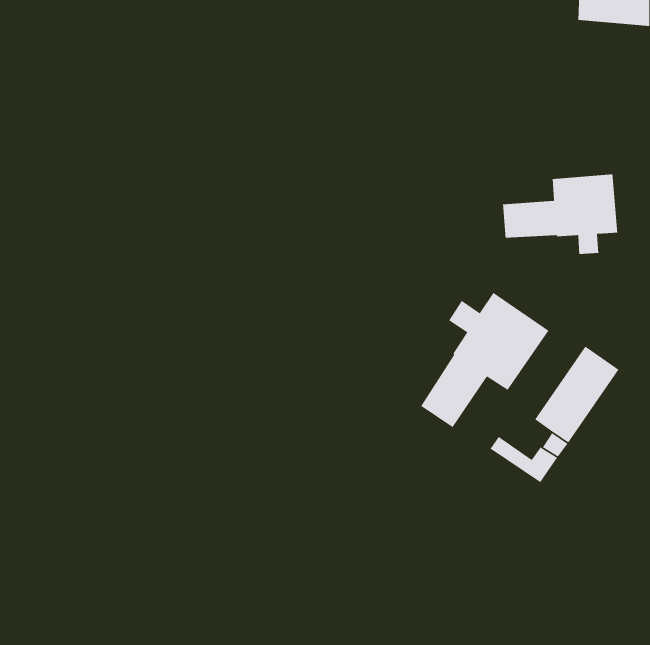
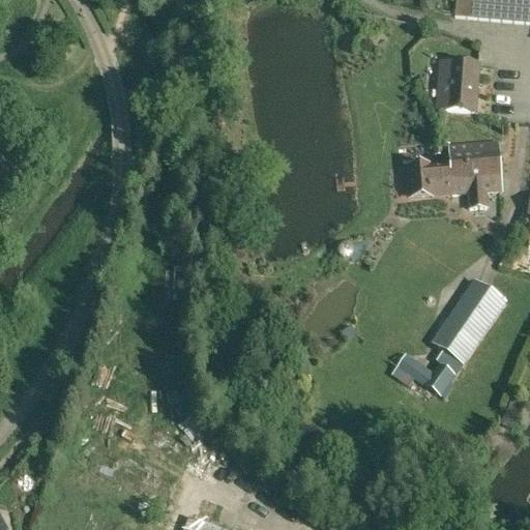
building: none -> [437,62,478,111]
building: [420,292,549,428] -> none

